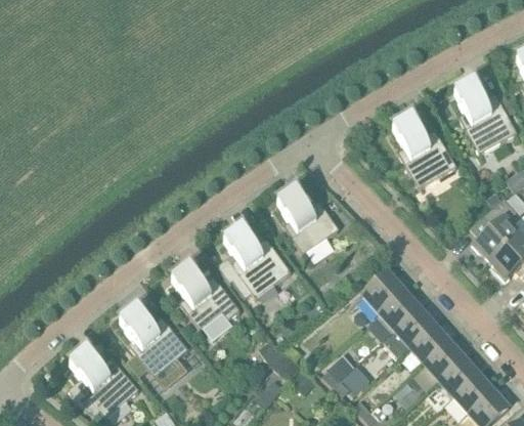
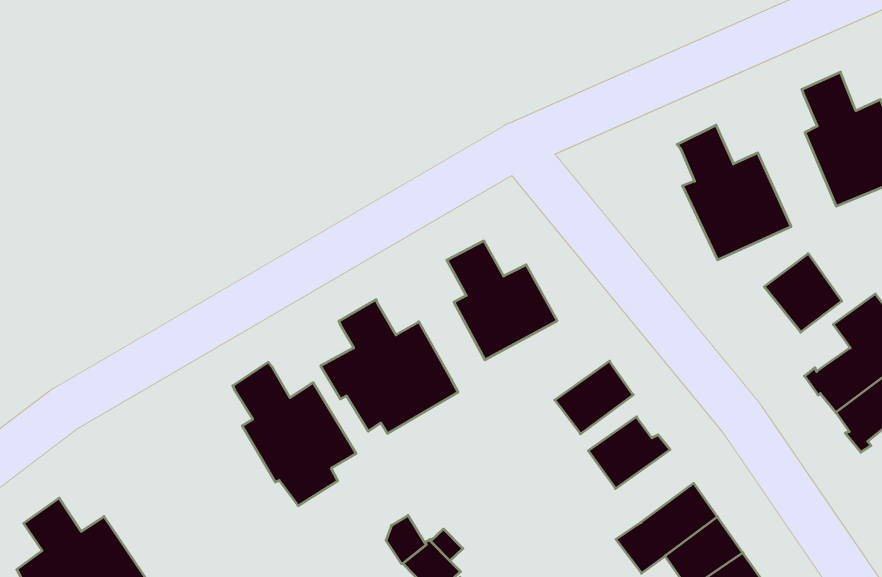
building: none -> [764,254,842,332]
building: [378,287,419,327] -> [555,361,633,434]
building: [119,304,187,373] -> none

